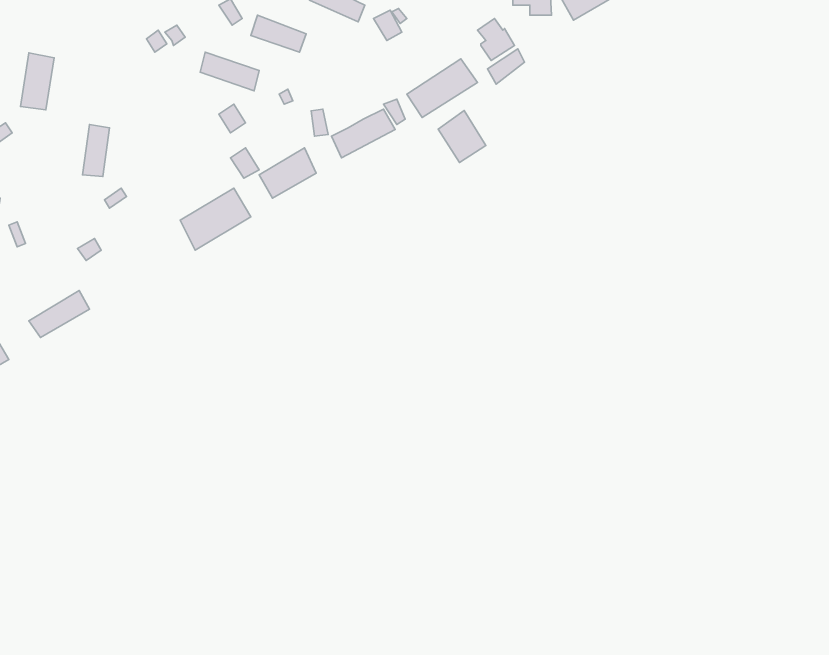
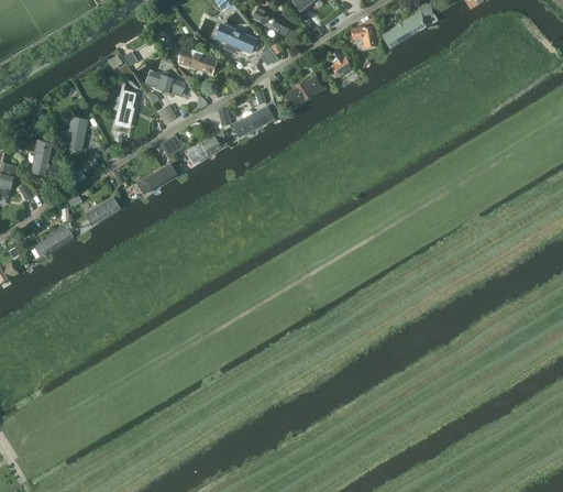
building: [20,53,54,110] -> [31,140,53,177]
building: none -> [113,90,136,127]
building: [438,110,486,162] -> none
building: none -> [82,197,120,229]

